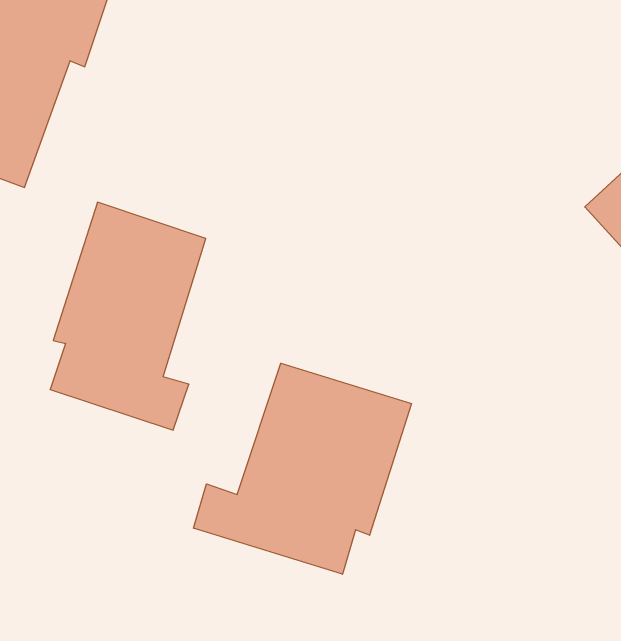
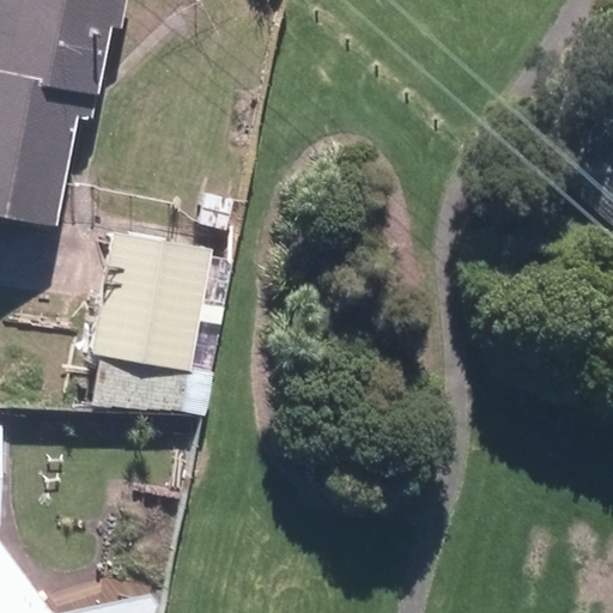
building: [194,363,412,574] -> none

